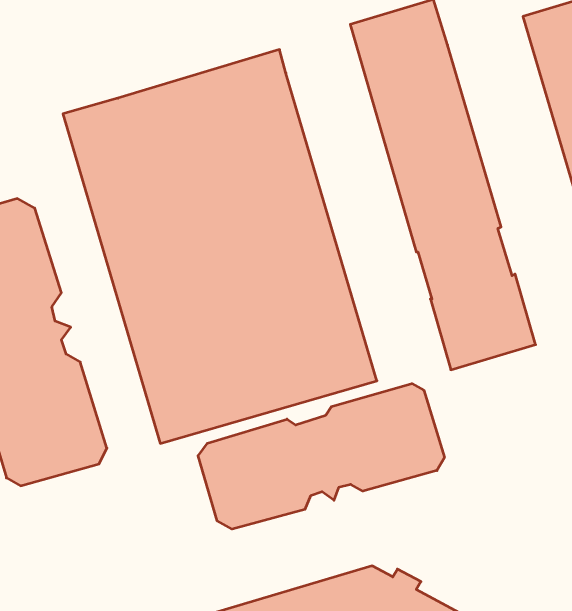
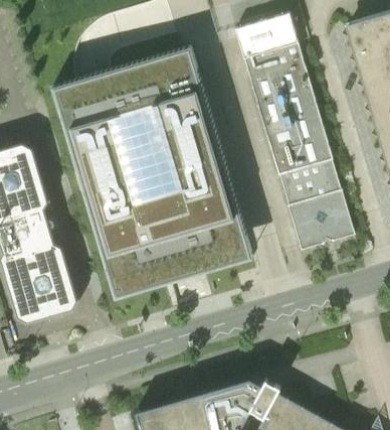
building: [198,384,444,529] -> none

